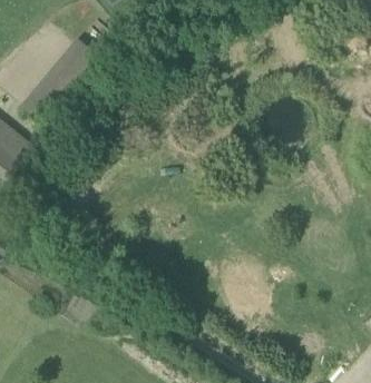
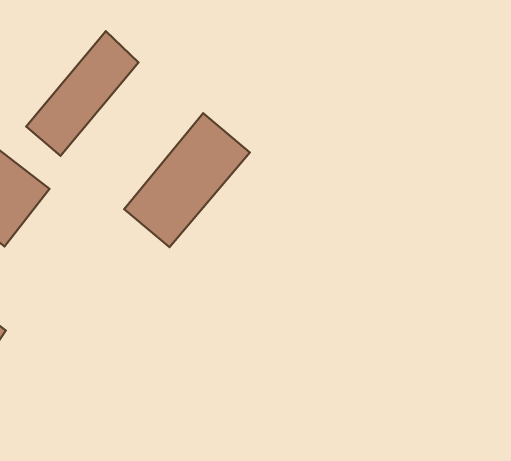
building: none -> [124,113,250,247]

